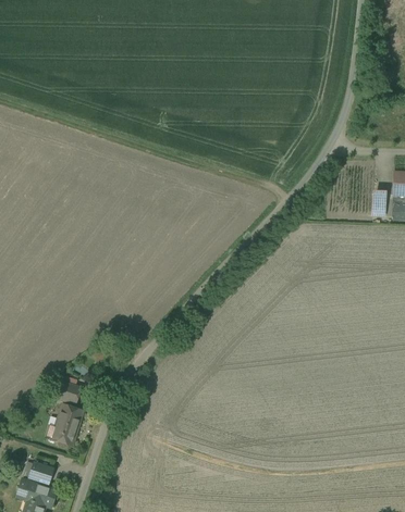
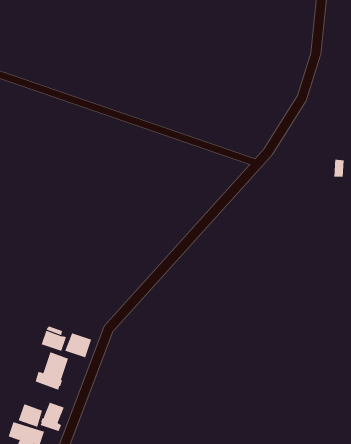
building: none -> [65,333,92,358]
building: none -> [40,402,64,432]

